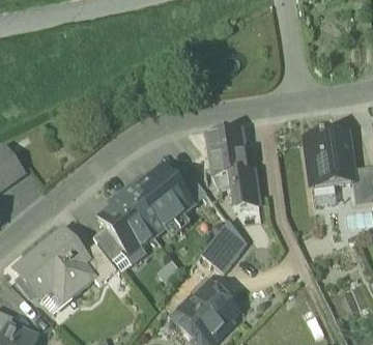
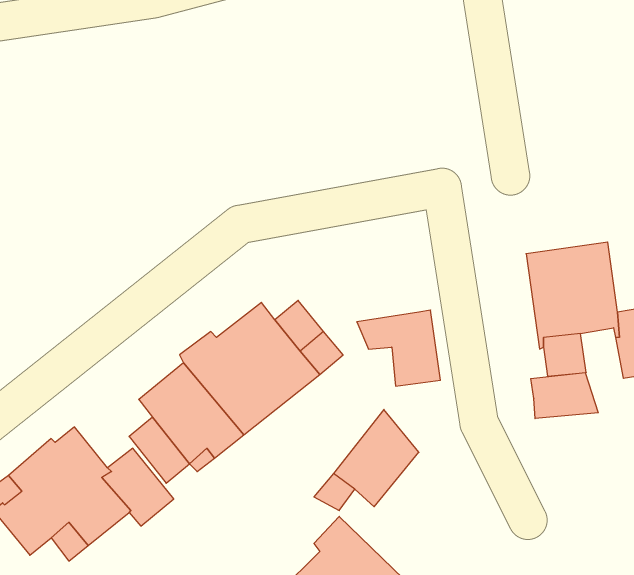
building: [208,132,247,176] -> none
building: none -> [531,373,598,419]

